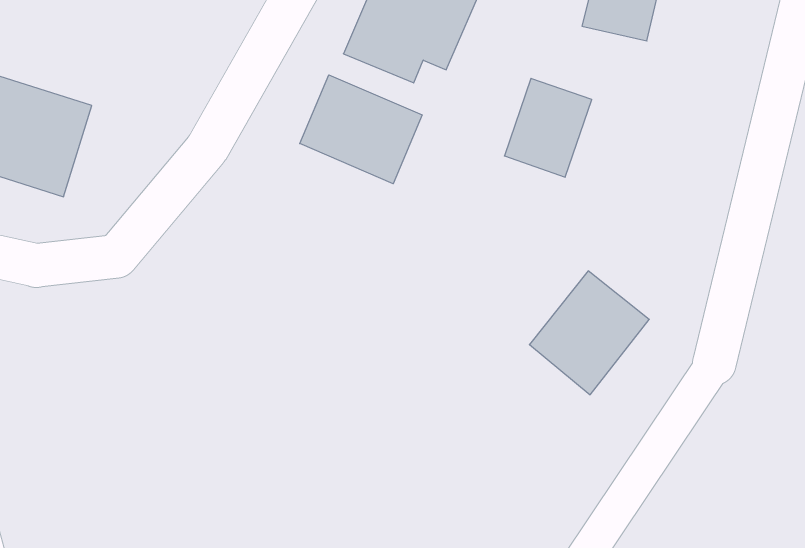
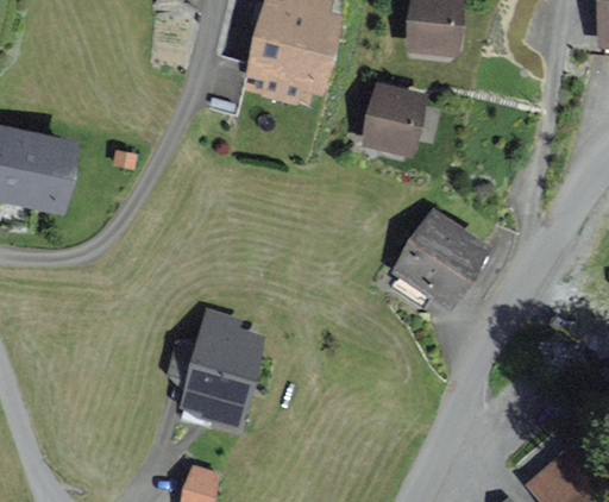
building: [300,75,422,184] -> none
building: none -> [181,310,258,420]

